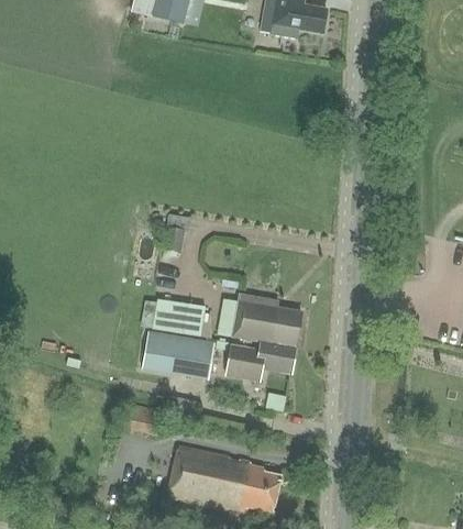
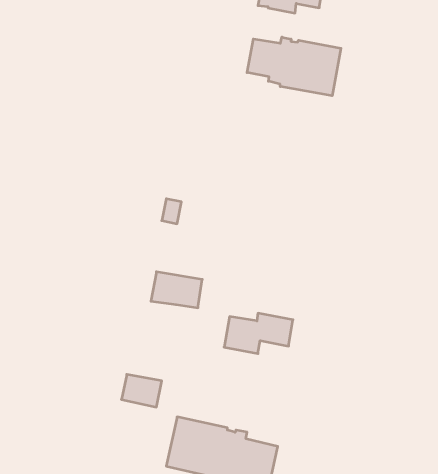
building: none -> [247,37,341,96]
building: [232,294,302,348] -> none
building: [143,331,218,377] -> none

